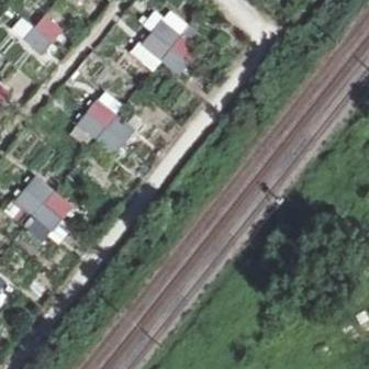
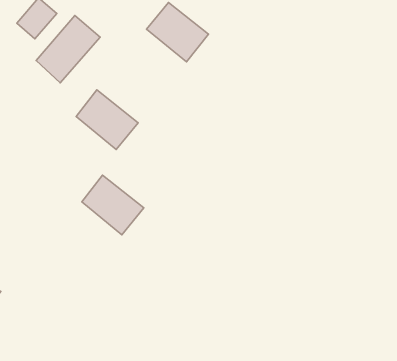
building: none -> [36,16,100,83]
building: [14,177,70,231] -> [82,175,144,235]

